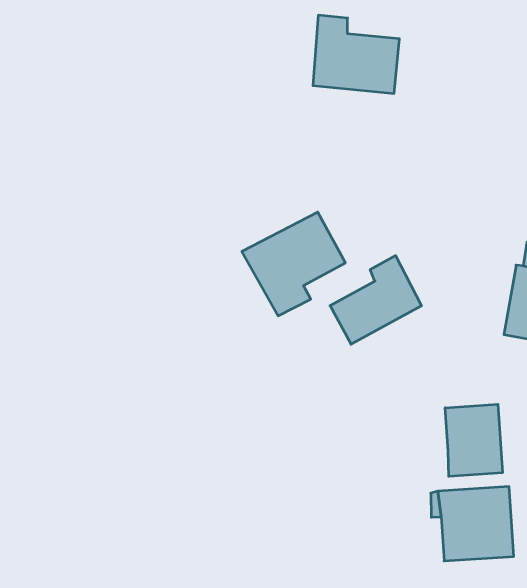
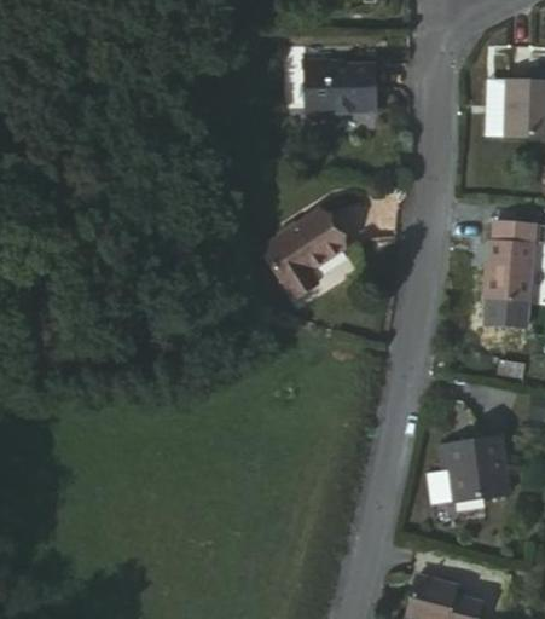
building: [330,256,421,344] -> none
building: [445,404,502,476] -> none

